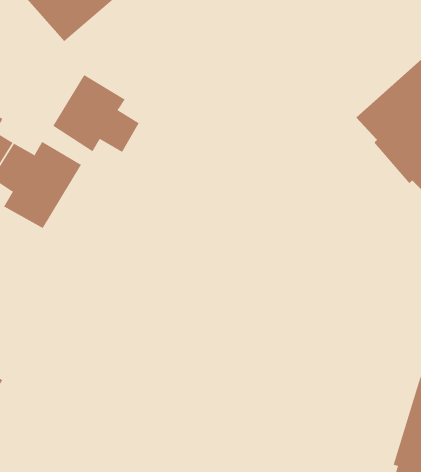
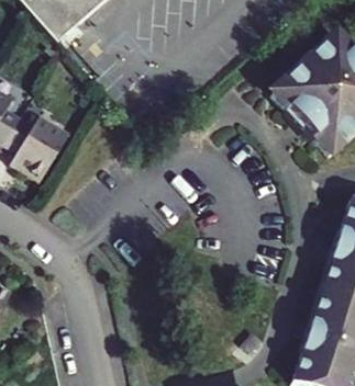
building: [53,74,139,153] -> none

